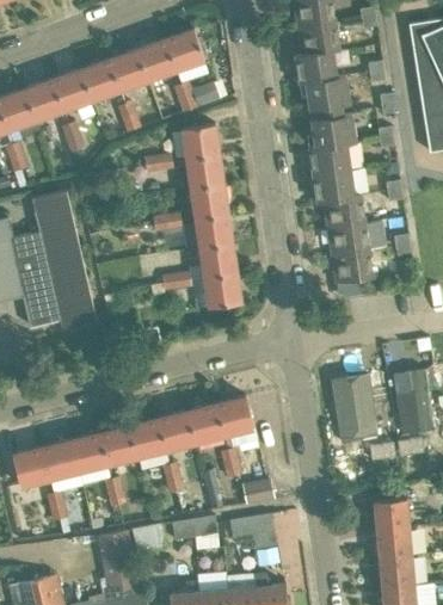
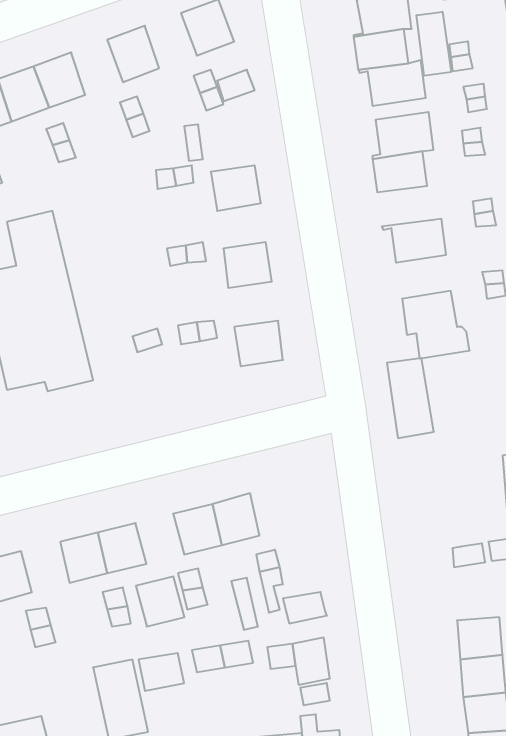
building: none -> [417,12,451,76]
building: [136,39,176,81] -> none
building: [80,60,119,101] -> none
building: [183,124,220,160] -> none
building: [313,171,355,202] -> none
building: [191,184,228,218] -> none
building: [327,223,369,257] -> none
building: [199,243,238,278] -> none
building: [332,378,368,439] -> [387,358,434,438]
building: [216,397,257,447] -> none
building: [129,420,166,458] -> [136,576,184,627]
building: [42,442,79,480] -> none

